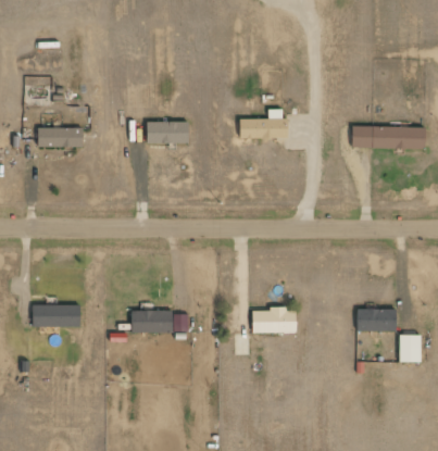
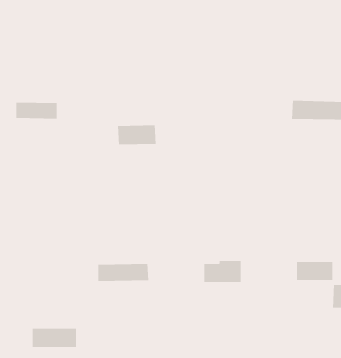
building: [238,109,285,139] -> none
building: [145,121,189,143] -> [117,125,156,145]
building: [32,304,83,326] -> [32,328,77,347]

